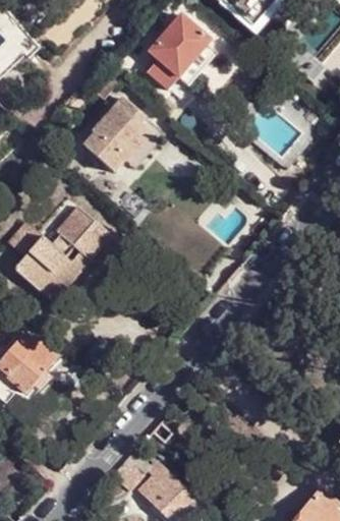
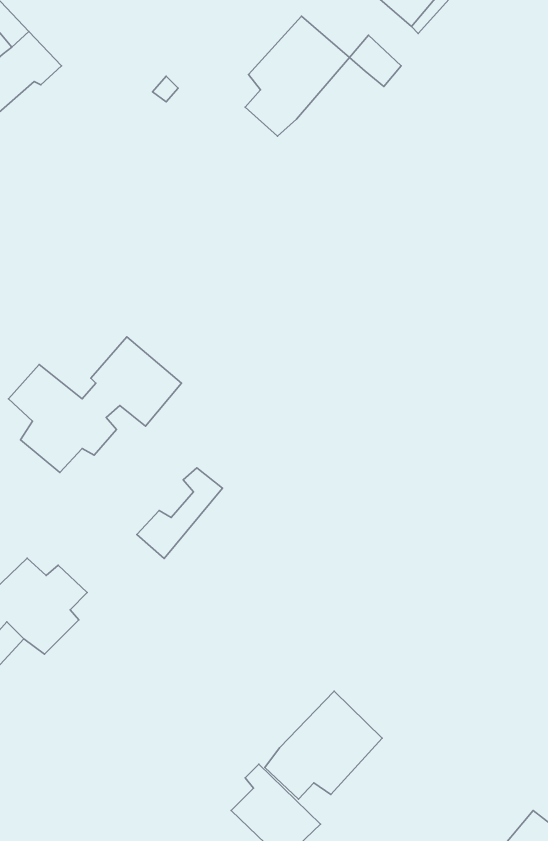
building: [81,99,148,172] -> none
building: [37,247,88,301] -> [137,468,223,559]
building: none -> [265,691,382,799]

